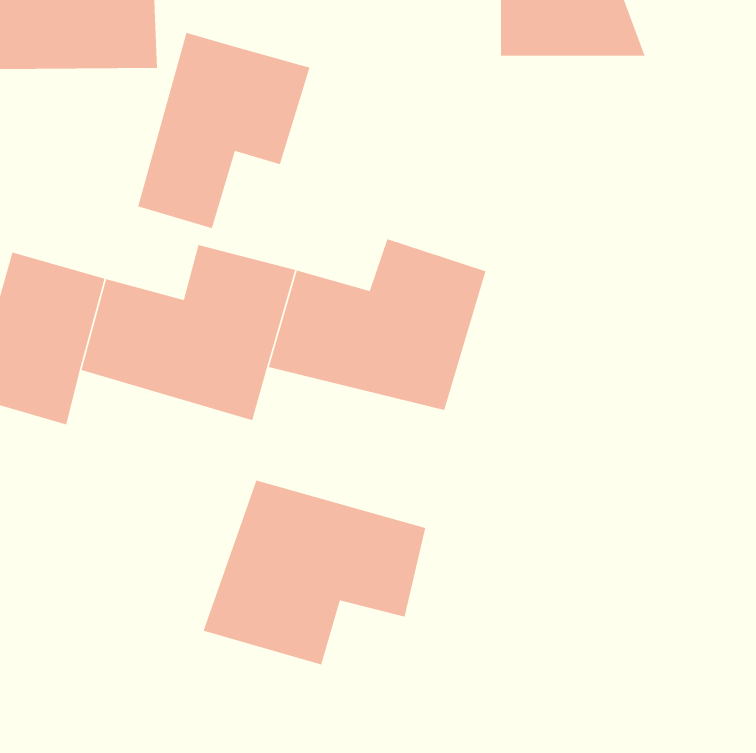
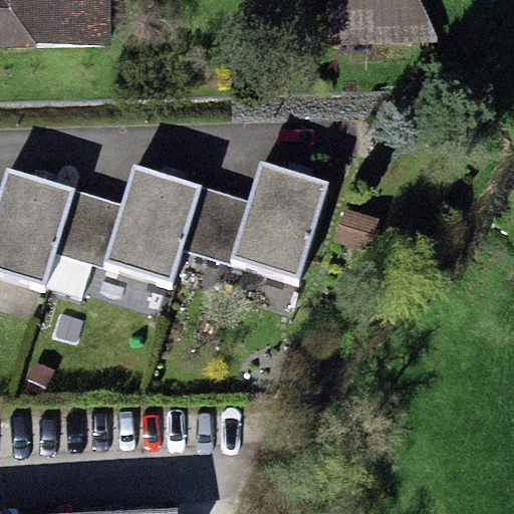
building: [137,32,311,229] -> none
building: [203,480,426,665] -> none

